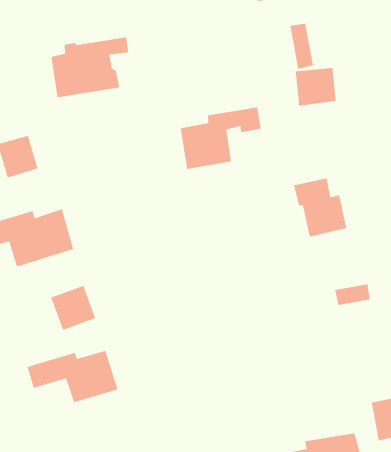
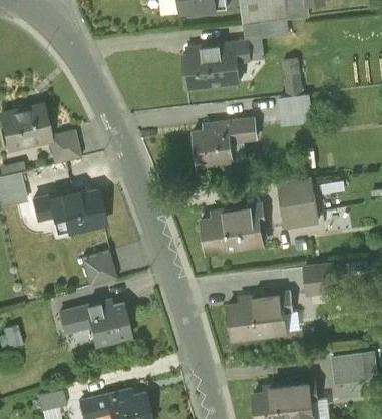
building: [50,36,129,98] -> [184,44,247,89]
building: none -> [201,204,266,253]
building: none -> [230,292,293,338]

